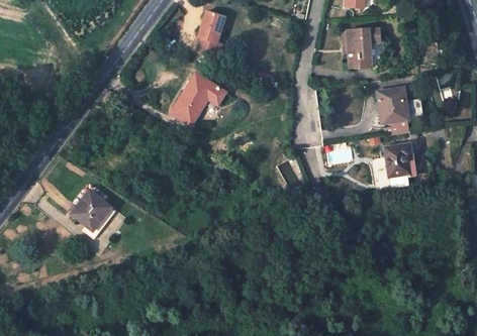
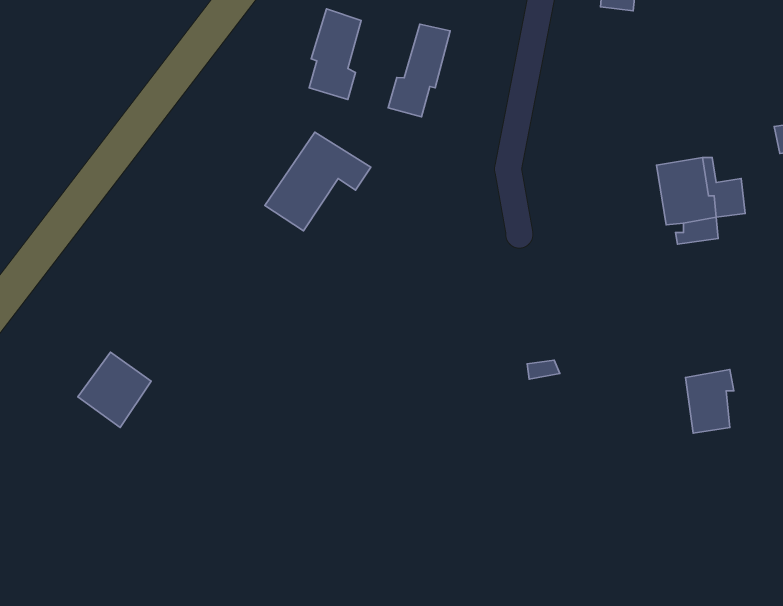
building: none -> [388,24,450,117]
building: [341,29,378,68] -> none
building: [386,142,411,176] -> [686,370,734,433]

